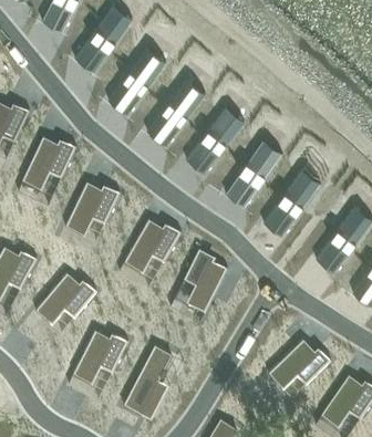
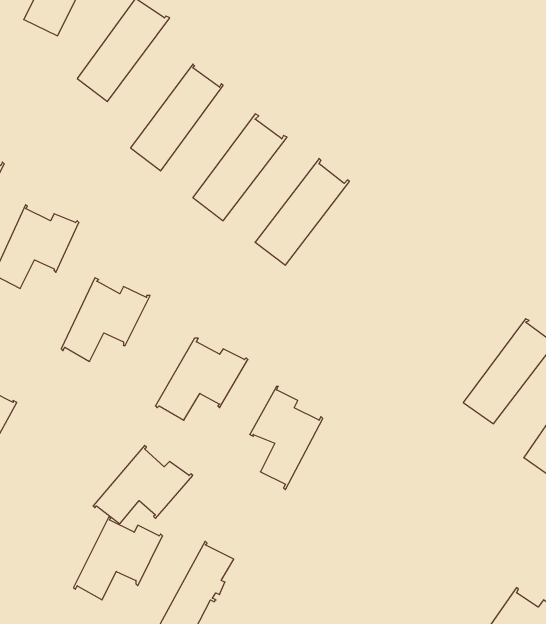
building: [226,141,282,208] -> none
building: [264,170,321,237] -> none
building: [35,273,97,322] -> [93,445,193,524]
building: [268,340,331,387] -> none

